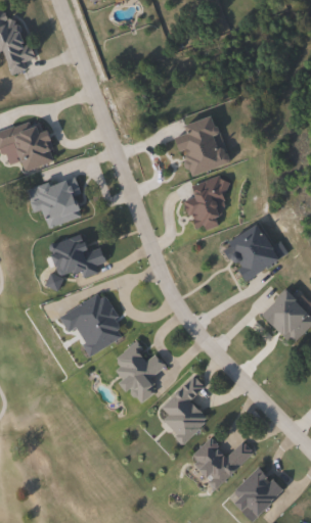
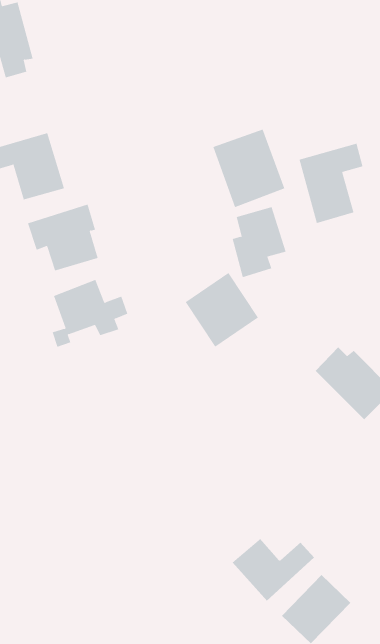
building: none -> [299,143,363,224]
building: [221,223,279,282] -> [185,272,259,347]
building: [58,292,127,355] -> none
building: [113,342,167,405] -> none
building: [161,375,209,443] -> none

